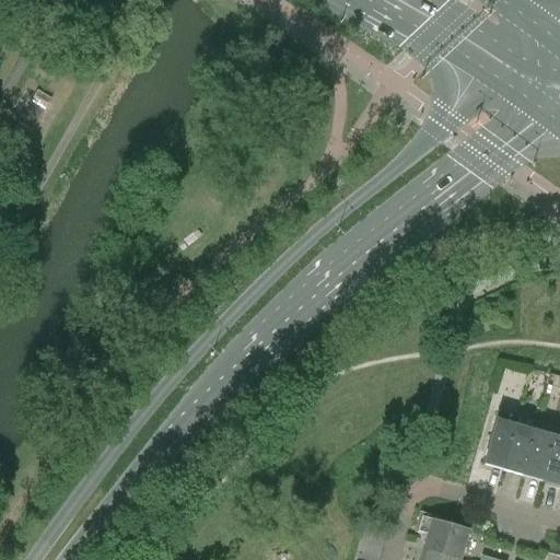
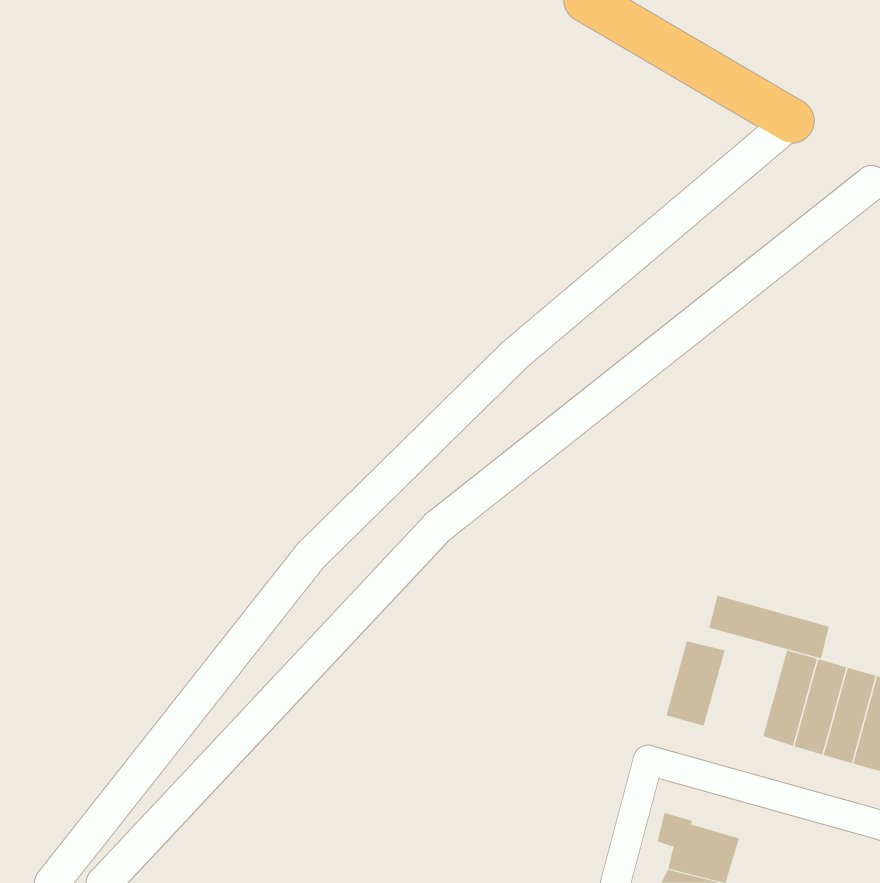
building: none -> [709,595,830,659]
building: none -> [666,640,725,726]

